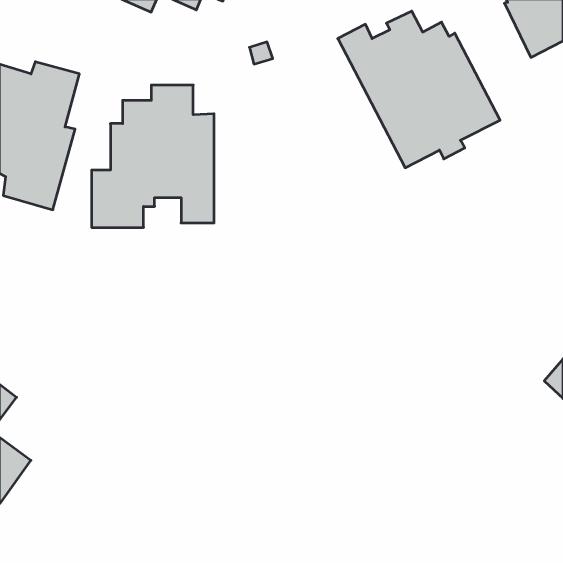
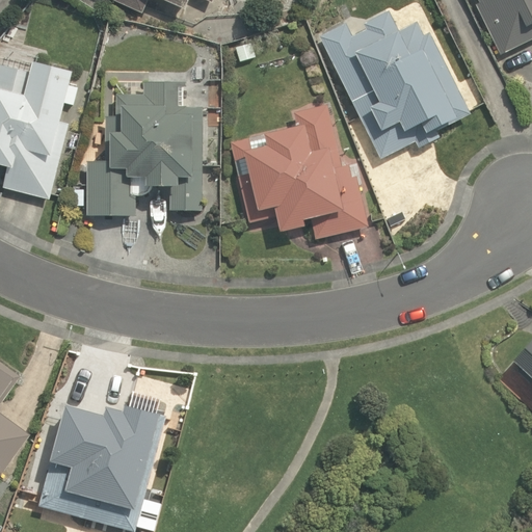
building: none -> [230,104,367,237]
building: none -> [43,408,160,526]

